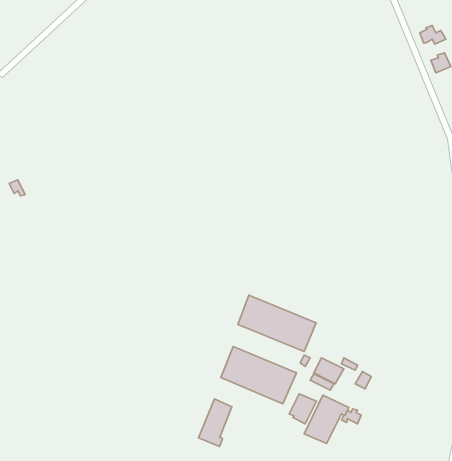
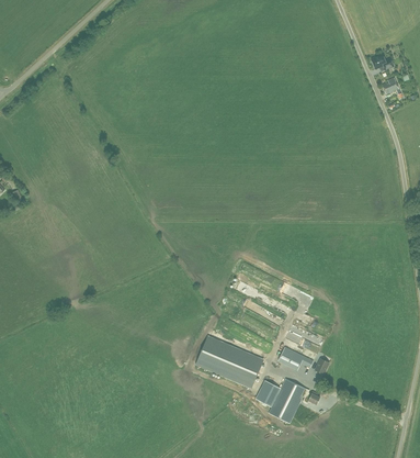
building: [238,295,316,351] -> none
building: [199,399,232,447] -> none

